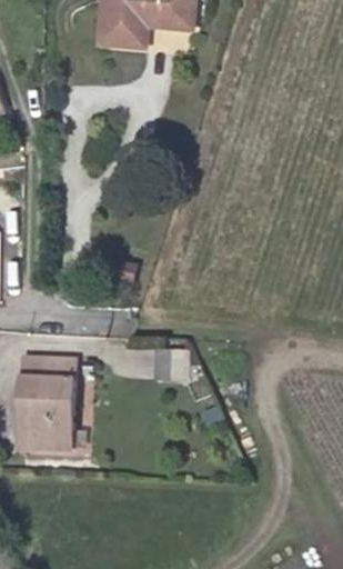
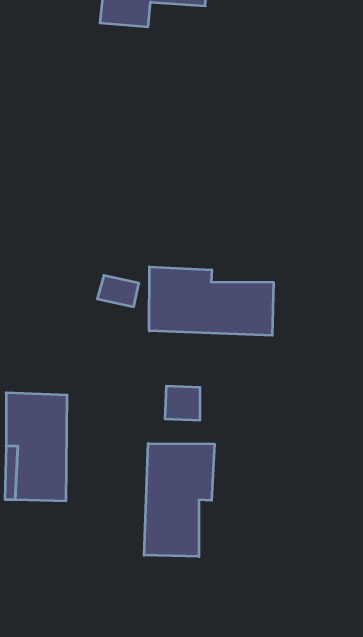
building: none -> [149,267,273,335]
building: none -> [144,443,214,557]

